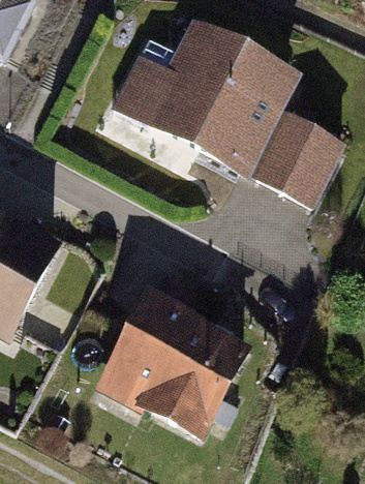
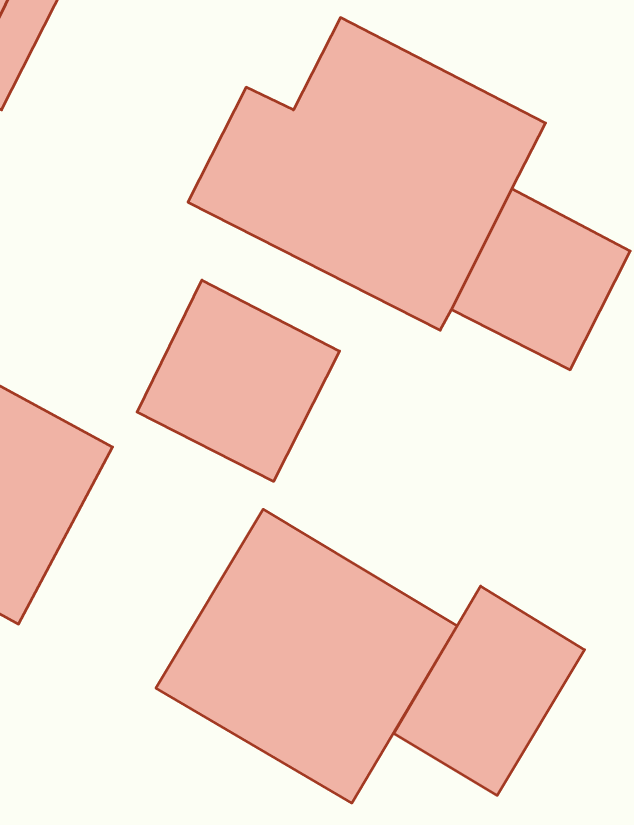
building: none -> [137,280,340,481]
building: none -> [394,586,585,795]

